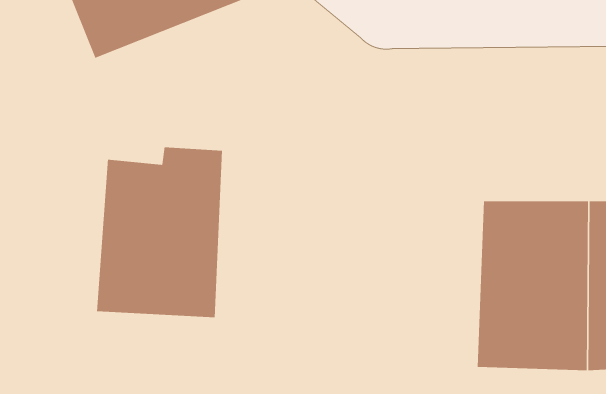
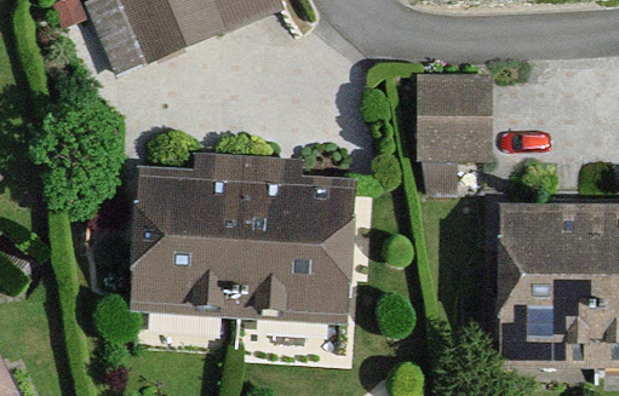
building: none -> [419,69,499,163]
building: none -> [240,159,353,327]

